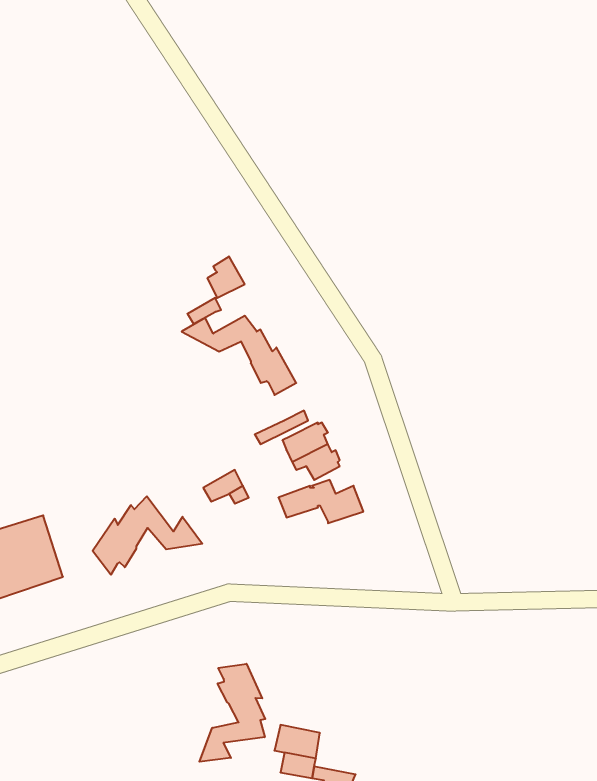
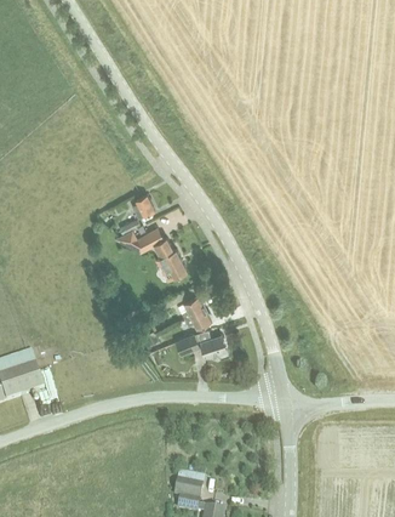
building: [93,496,202,575] -> none
building: [199,664,265,762] -> none

